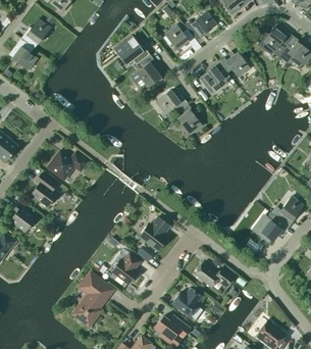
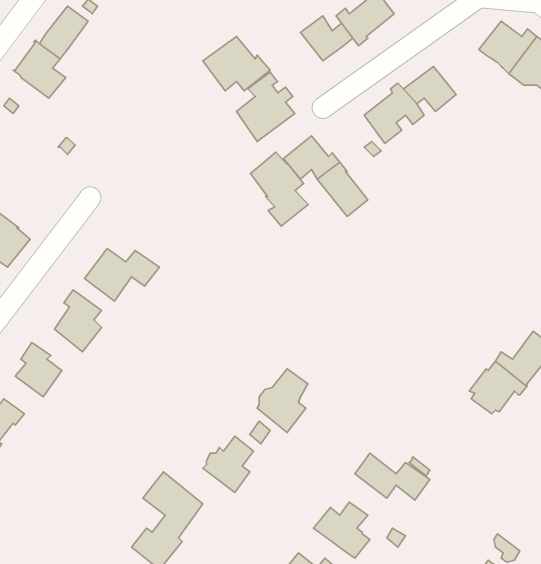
building: none -> [251,152,308,226]

